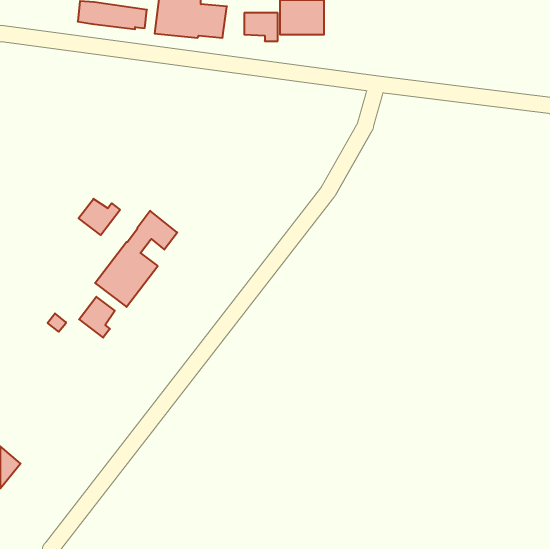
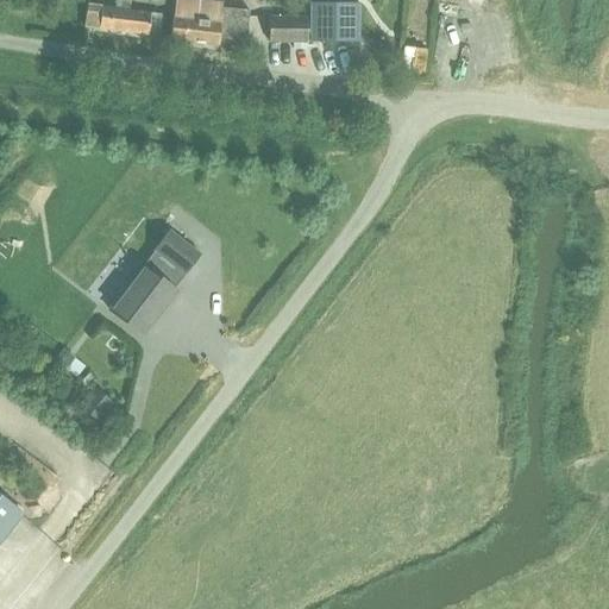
building: [79,199,120,235] -> none
building: [79,297,115,338] -> none

